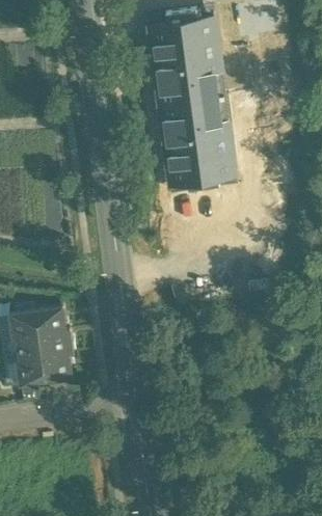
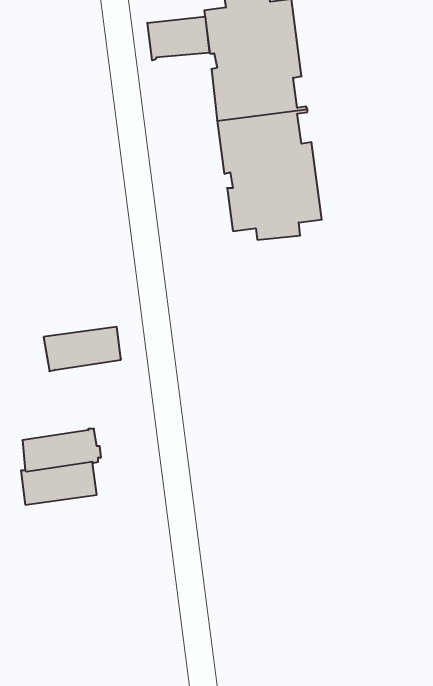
building: none -> [147,17,210,60]
building: [9,306,65,338] -> [44,327,121,371]

